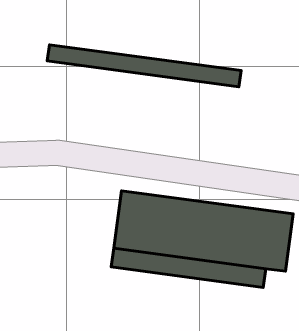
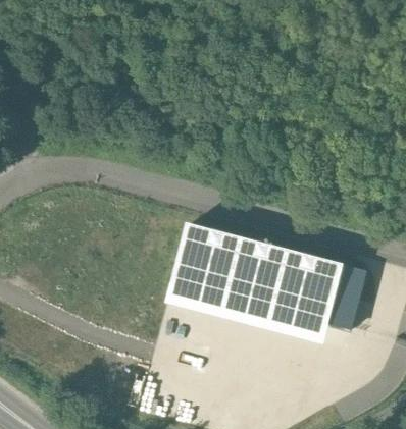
building: [47,45,241,87] -> none

